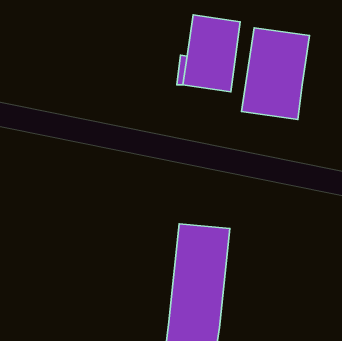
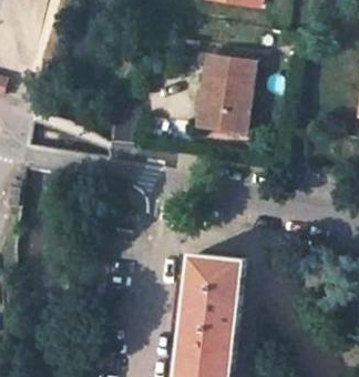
building: [241,28,310,120] -> none

